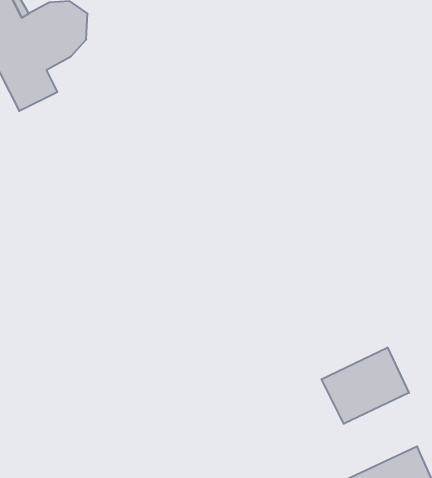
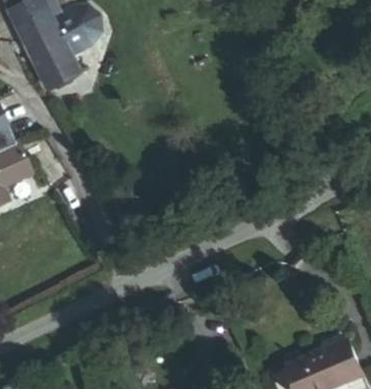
building: [322,348,409,424] -> none

